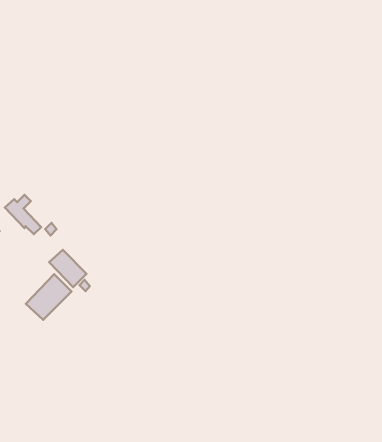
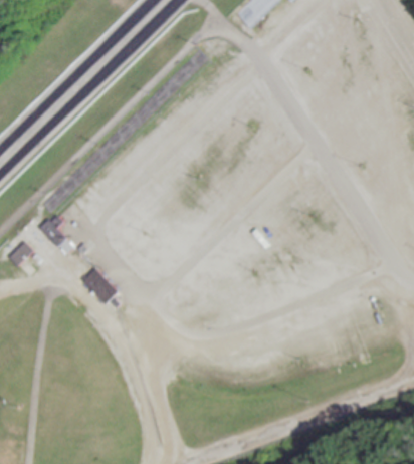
building: [26,274,72,320] -> none

